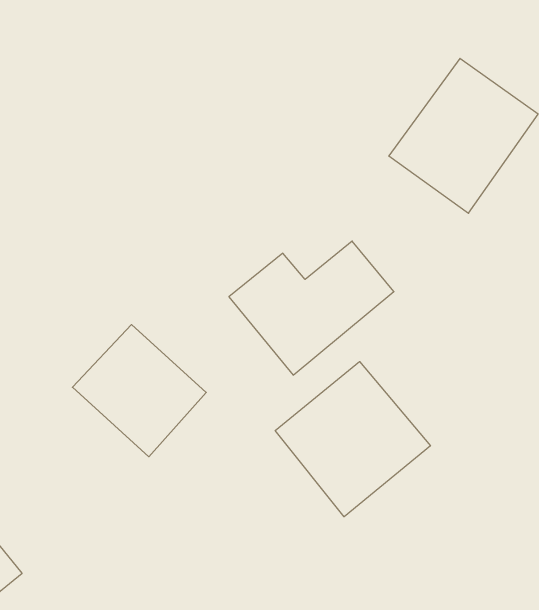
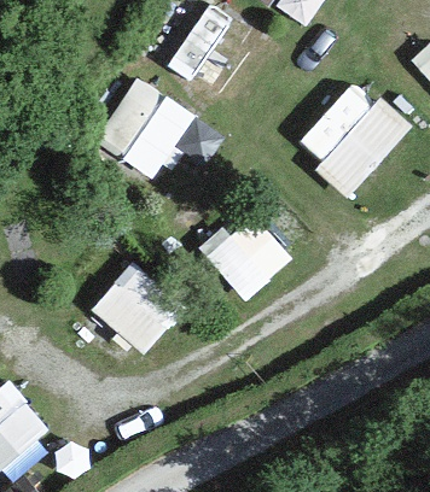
building: none -> [93,76,196,178]
building: [275,362,430,517] -> none

